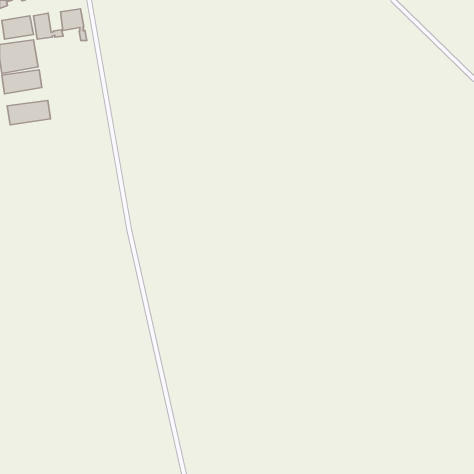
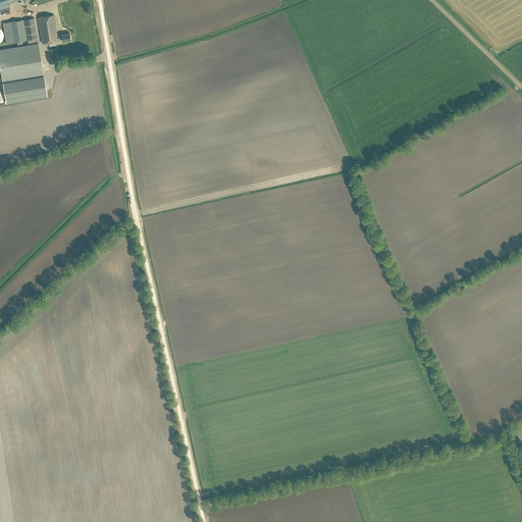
building: [60,9,87,40] -> none
building: [7,101,50,125] -> none

